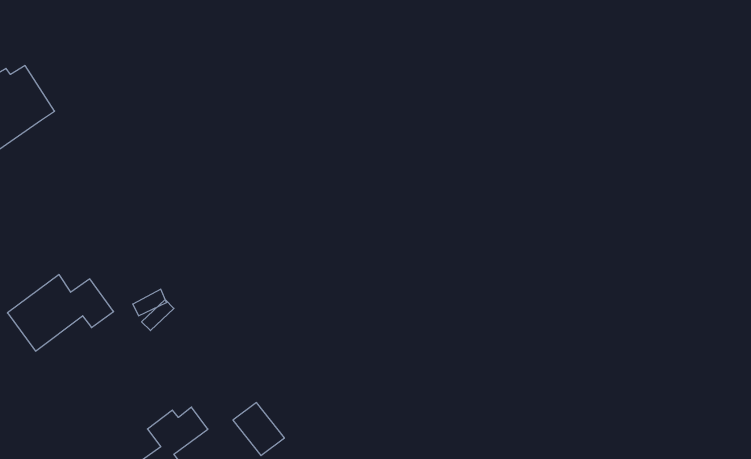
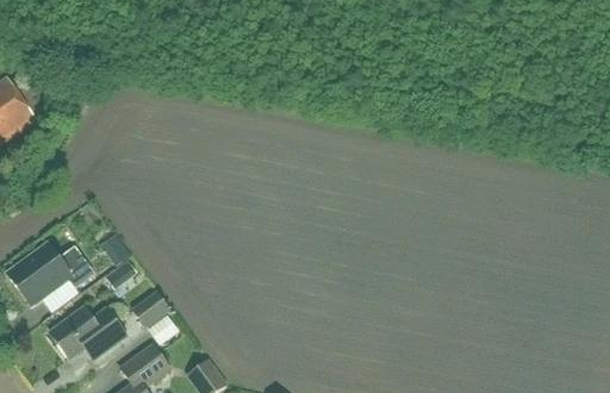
building: none -> [130,289,170,329]
building: none -> [49,305,126,357]

